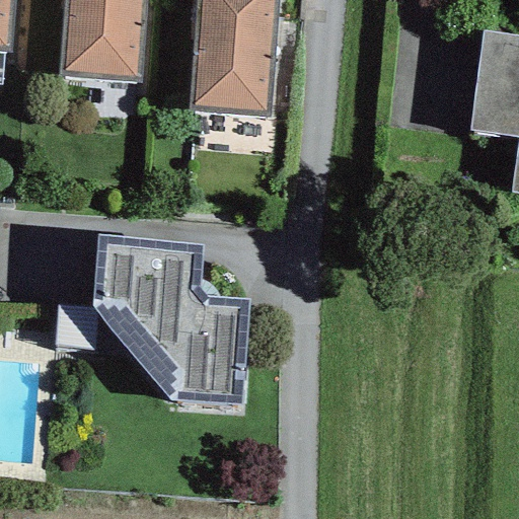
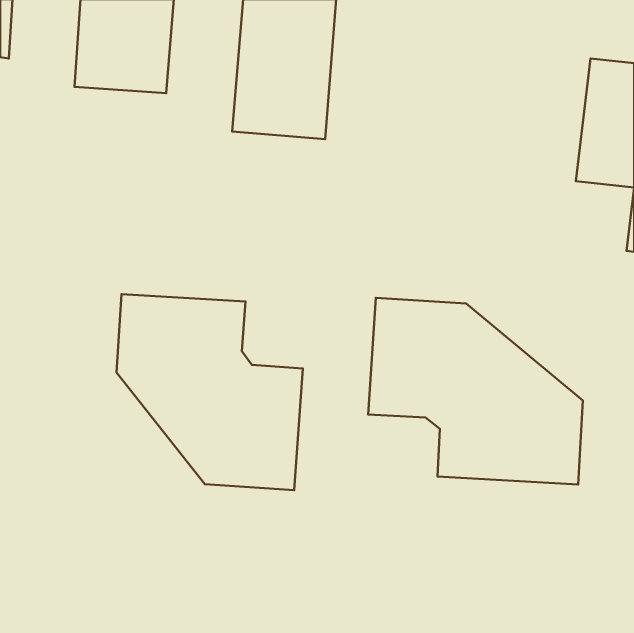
building: none -> [368,298,583,485]

